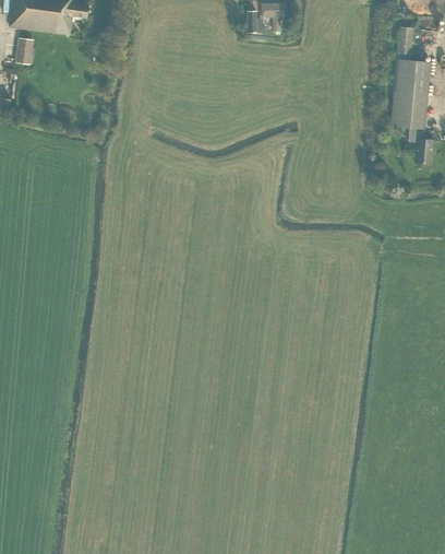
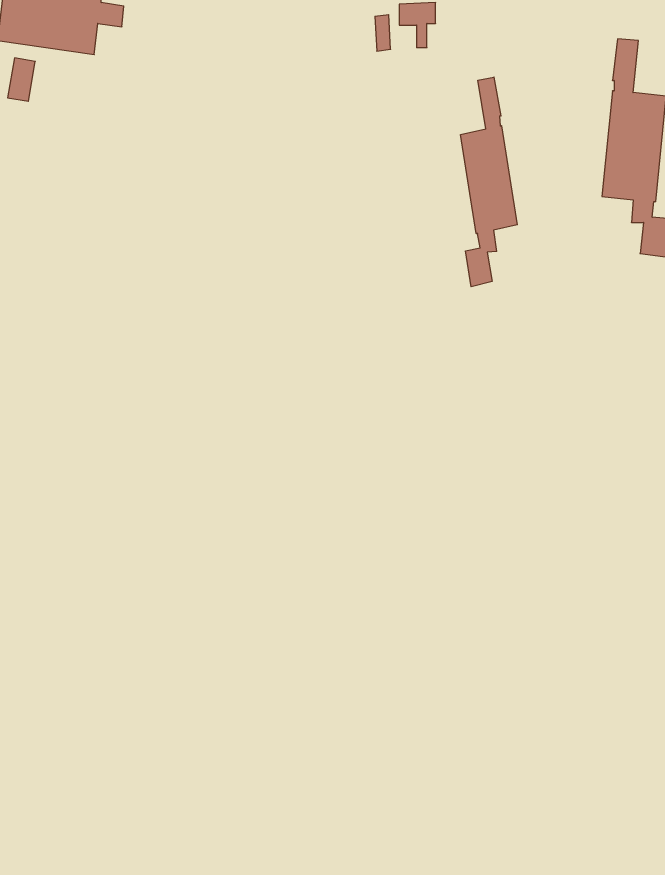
building: none -> [461,77,517,287]

